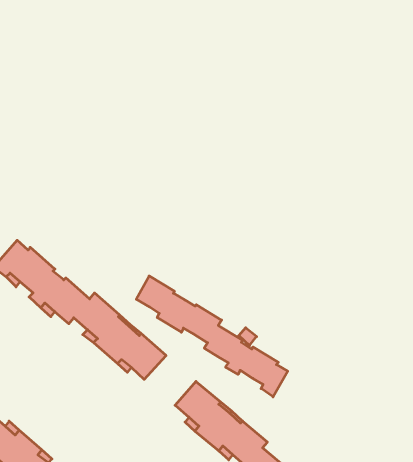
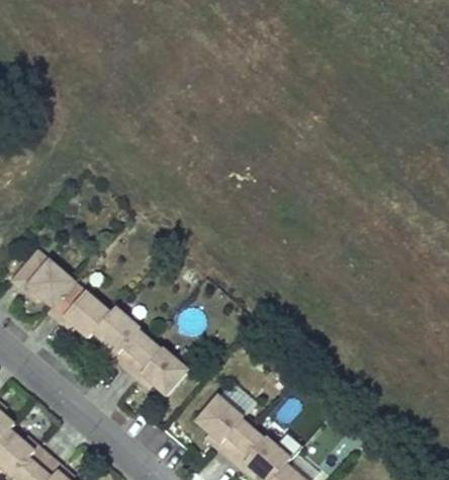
building: [136,276,288,397] -> none

